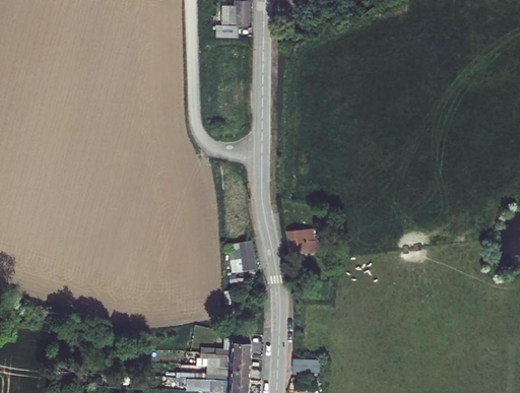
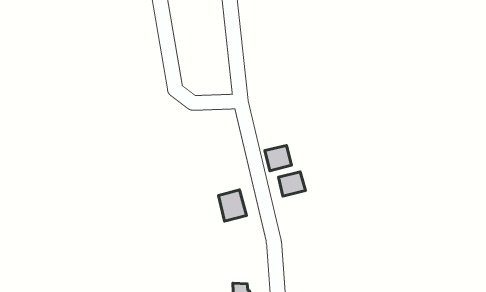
building: none -> [265,145,291,171]

